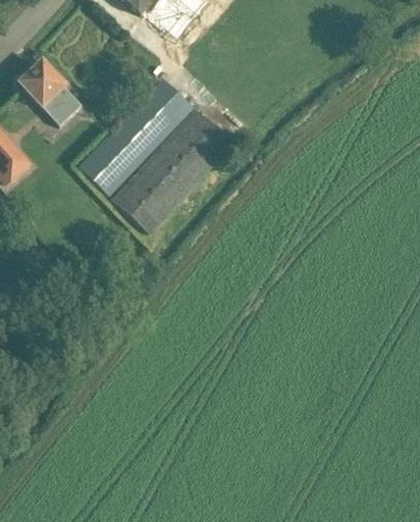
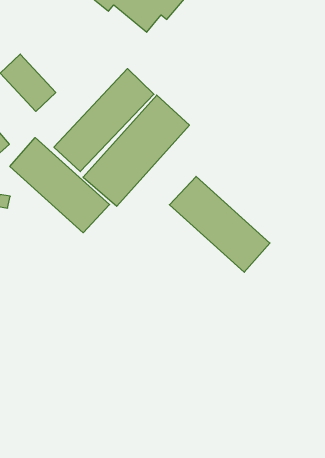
building: none -> [10,138,110,233]
building: none -> [169,176,270,272]

